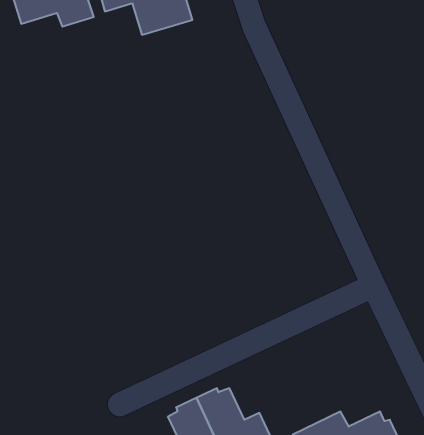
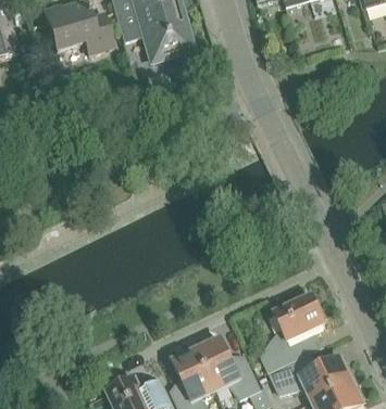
building: none -> [262,294,325,369]

